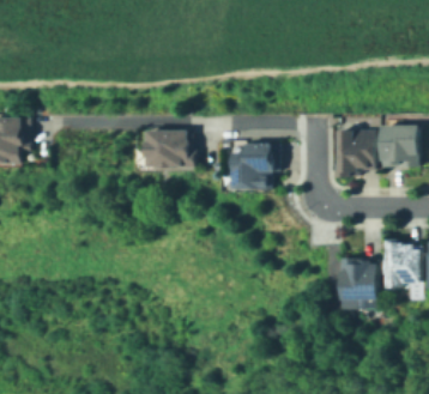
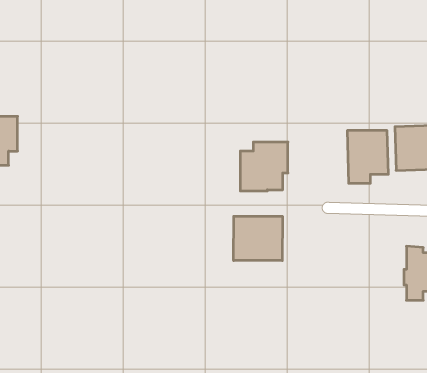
building: [147,128,195,165] -> none
building: none -> [234,216,282,261]
building: [342,256,379,298] -> none

